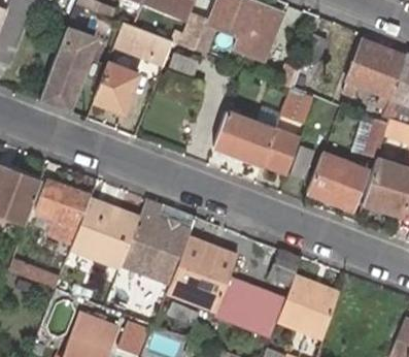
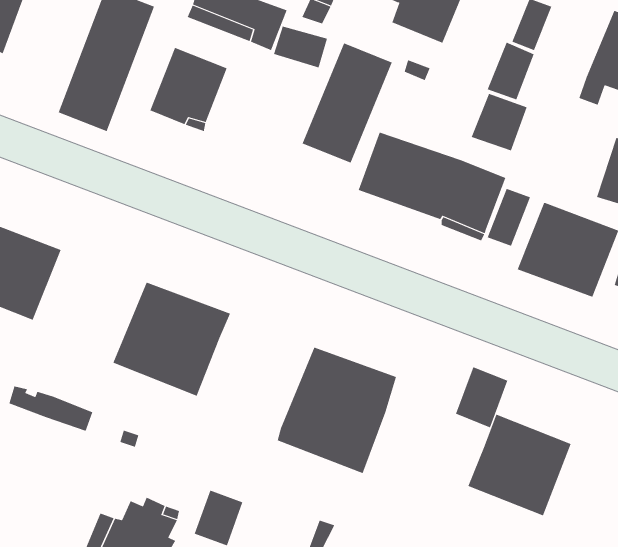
building: none -> [302,43,393,163]
building: [35,180,91,244] -> none
building: [121,199,191,286] -> none
building: [215,277,287,338] -> none

